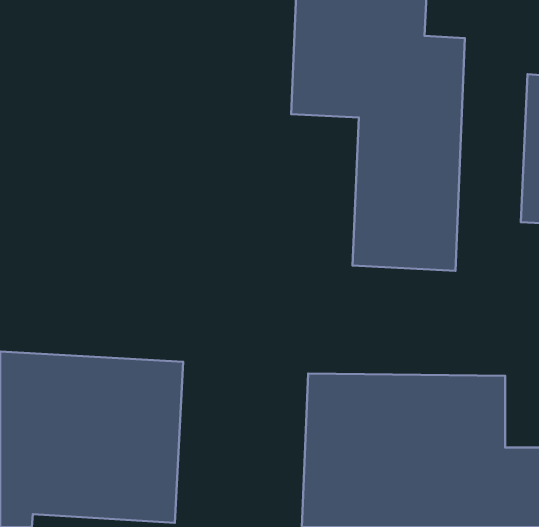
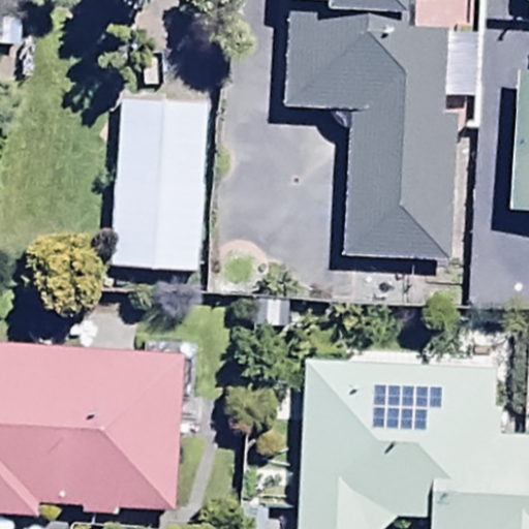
building: none -> [116,95,206,271]

